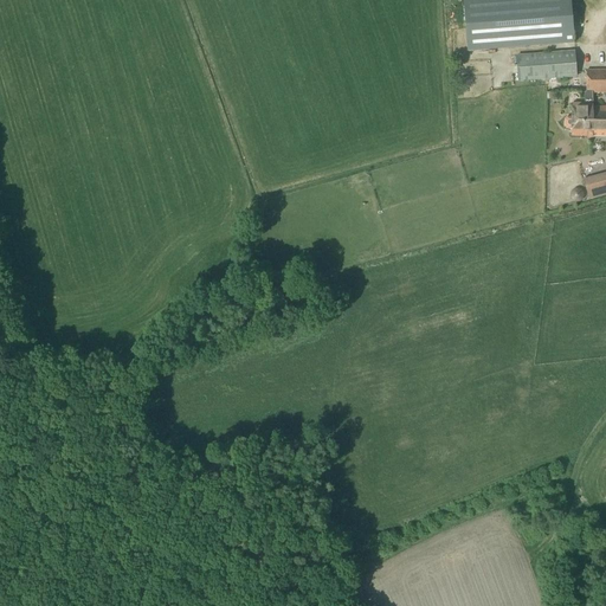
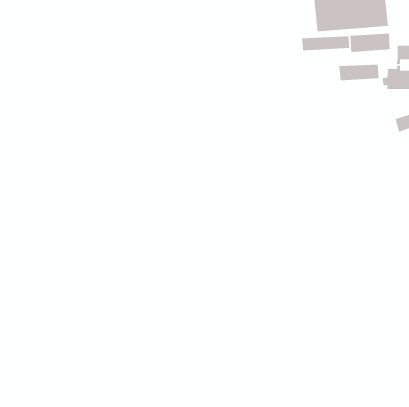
building: none -> [301,35,350,51]
building: none -> [339,64,380,81]

